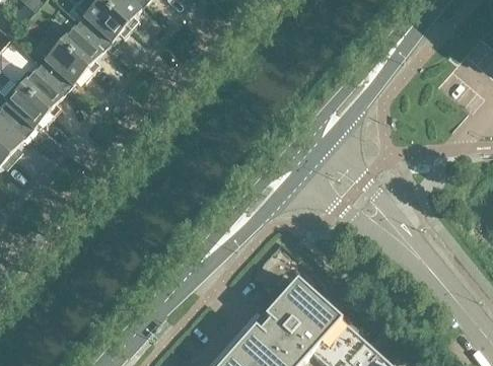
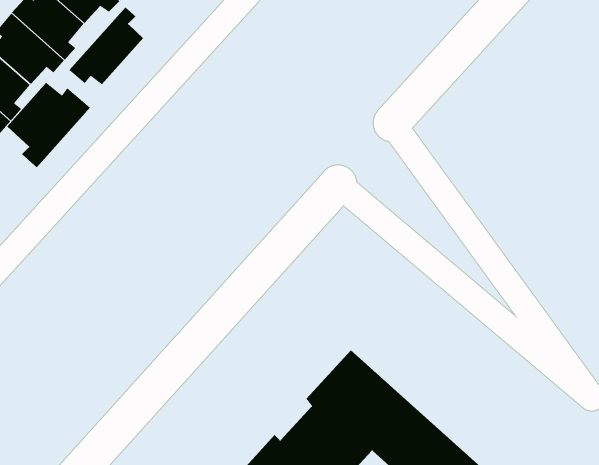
building: none -> [69,6,144,85]
building: none -> [7,82,91,168]

